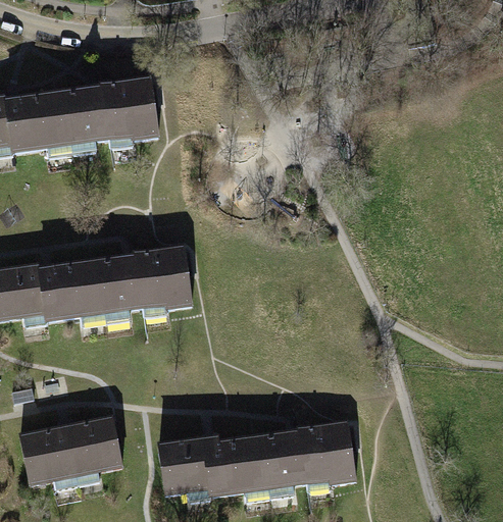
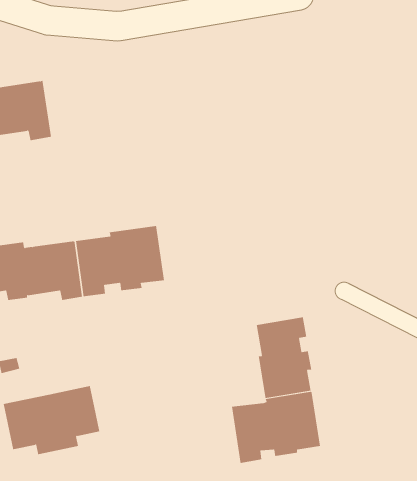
building: [62,75,157,151] -> none
building: none -> [256,317,312,399]
building: [157,436,270,501] -> none

